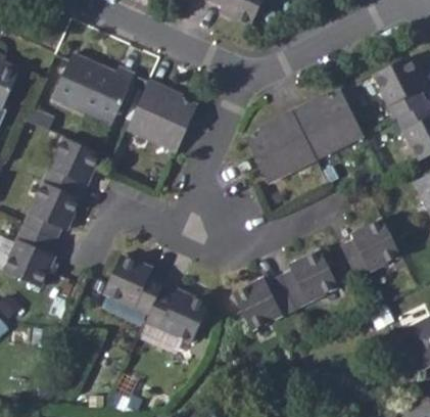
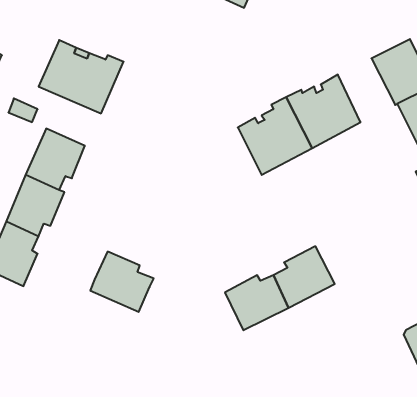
building: [127,80,196,150] -> none
building: [338,219,397,277] -> none
building: [146,289,207,341] -> none

